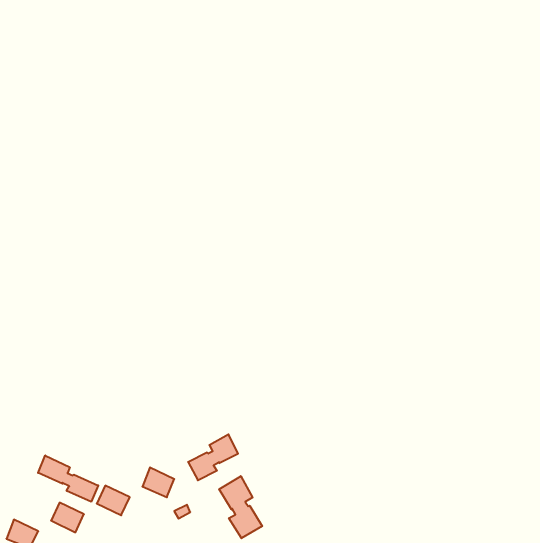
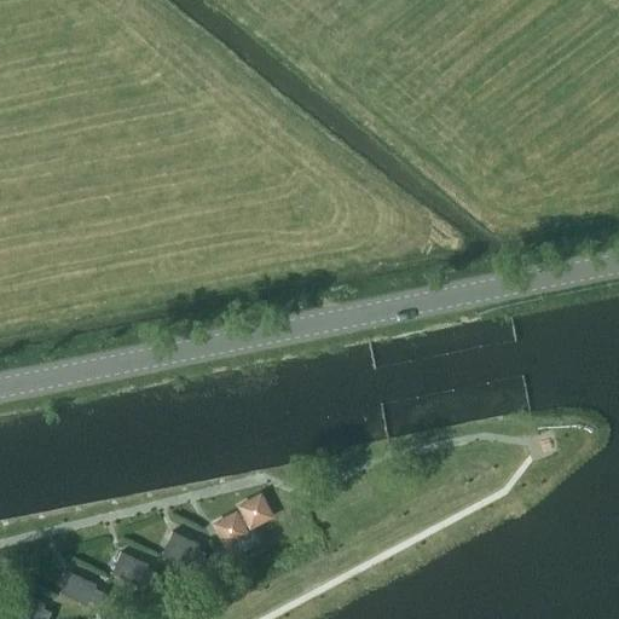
building: [38,455,98,502] -> none
building: [219,476,262,538] -> none

